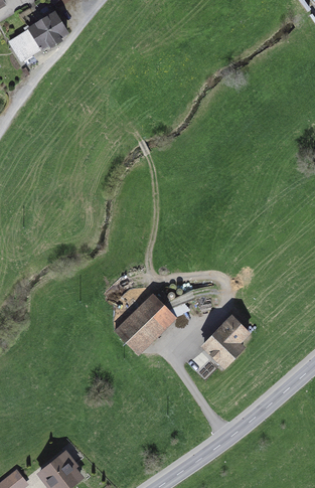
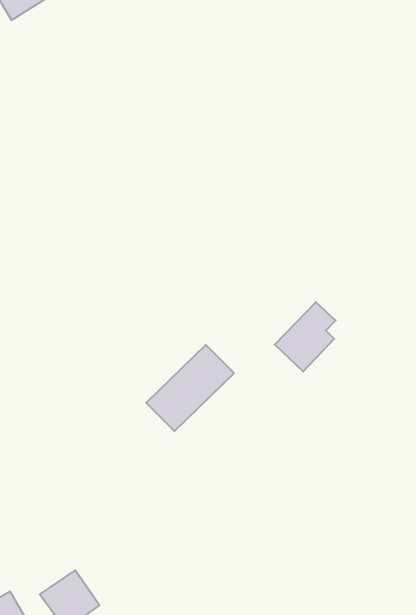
building: [204,316,248,365] -> [275,302,336,372]

